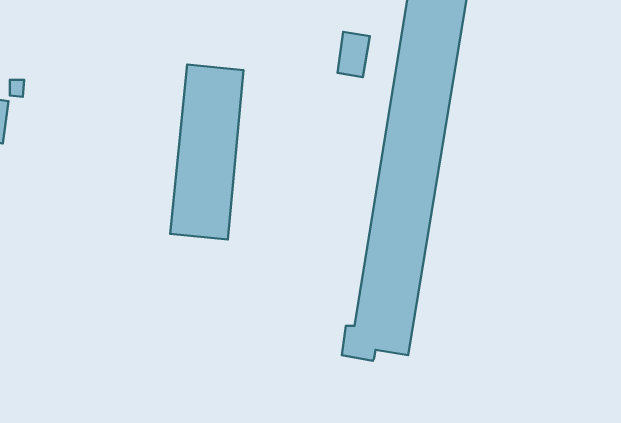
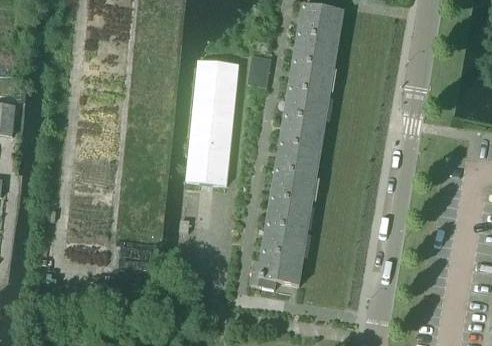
building: [170,64,243,239] -> [185,60,237,184]

